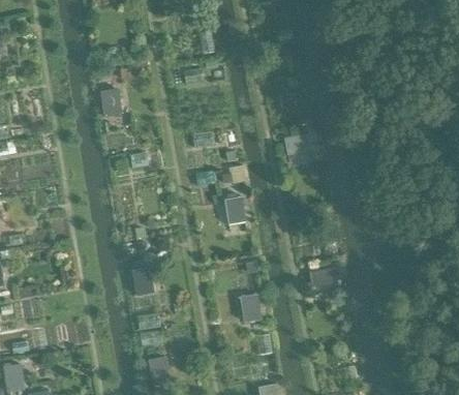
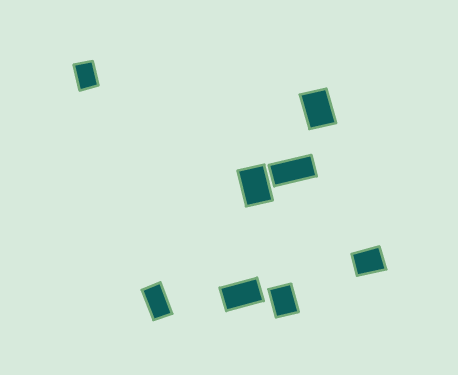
building: none -> [269,155,317,186]
building: none -> [220,278,264,311]

